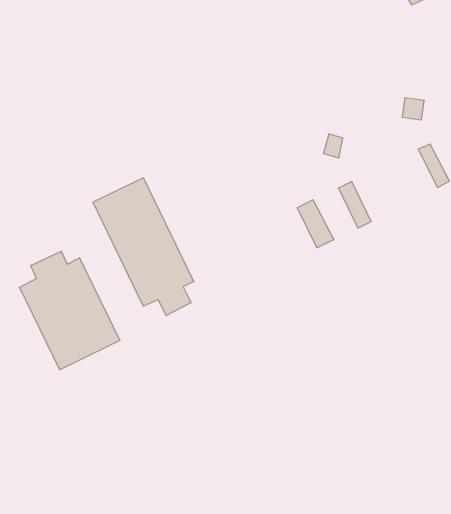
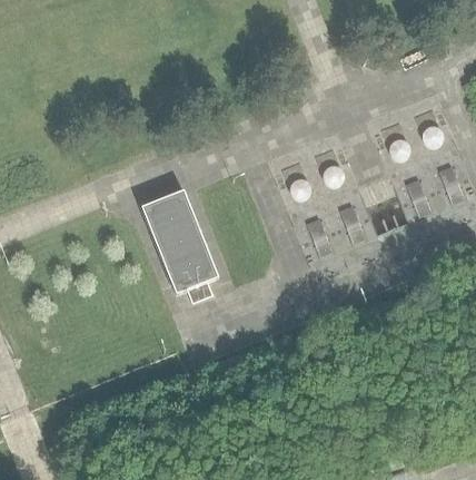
building: [20,251,120,370] -> none

